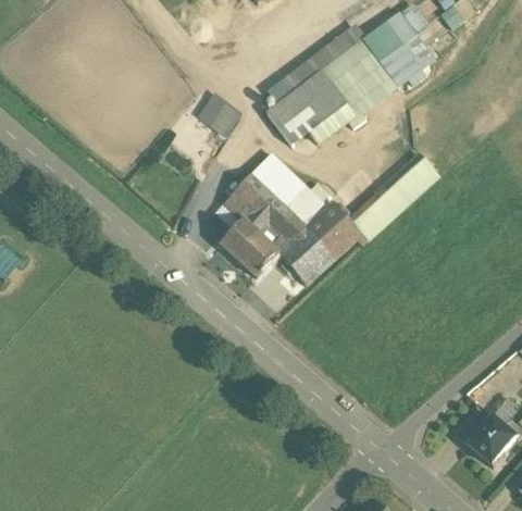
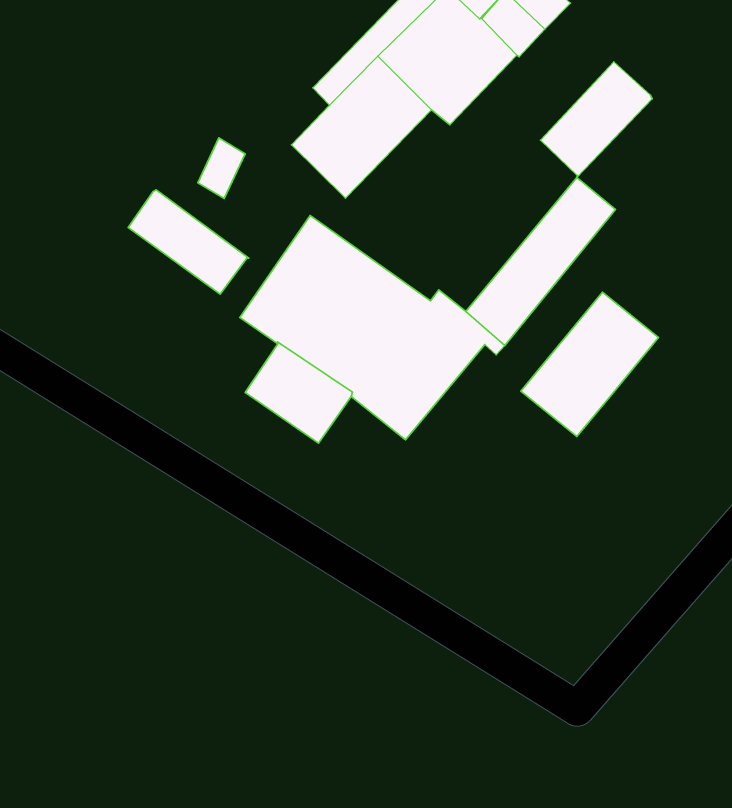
building: none -> [541,62,652,177]
building: none -> [128,190,249,294]
building: none -> [521,292,659,436]

